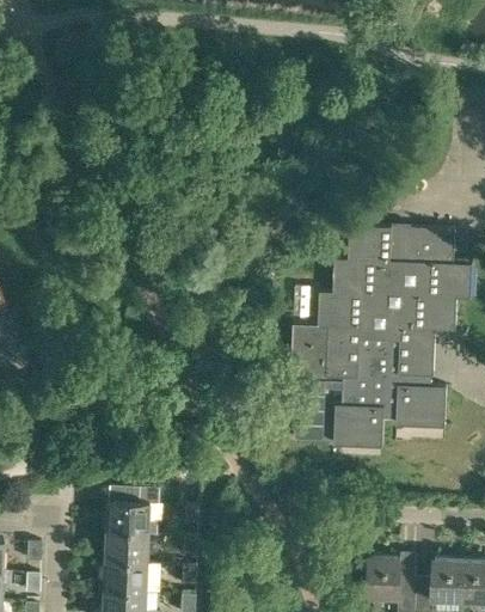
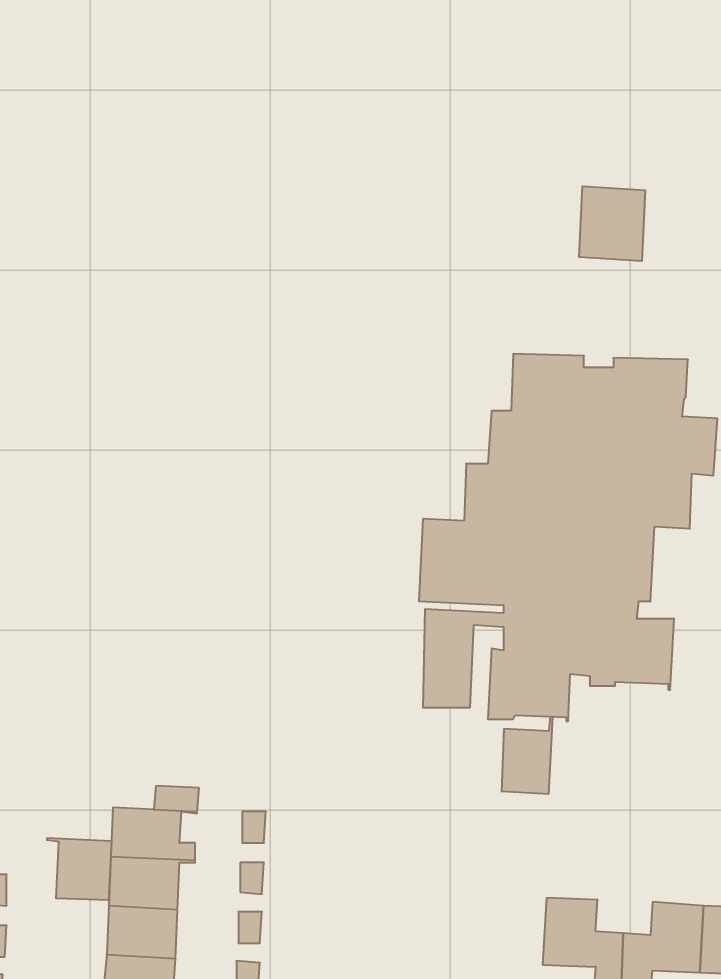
building: none -> [579,186,645,261]
building: none -> [502,717,552,794]
building: none -> [47,838,111,900]

